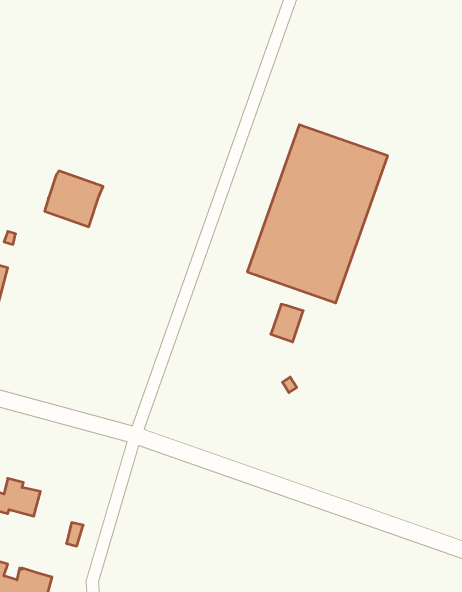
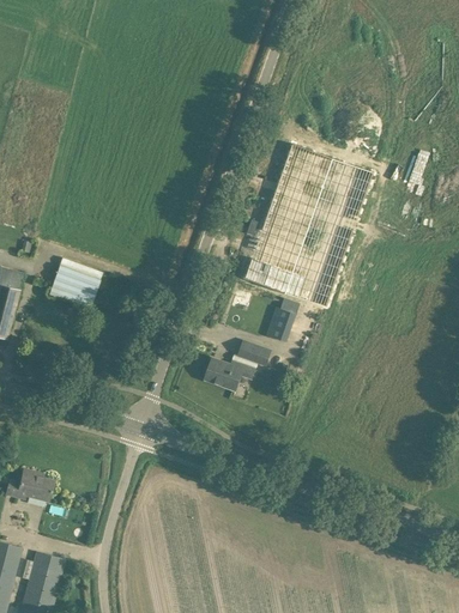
building: [45,171,103,227] -> [49,257,103,309]
building: none -> [205,341,271,390]

